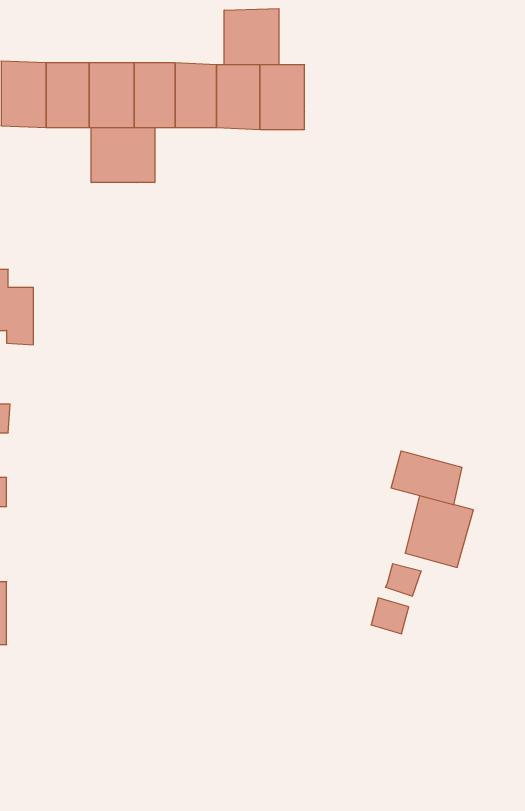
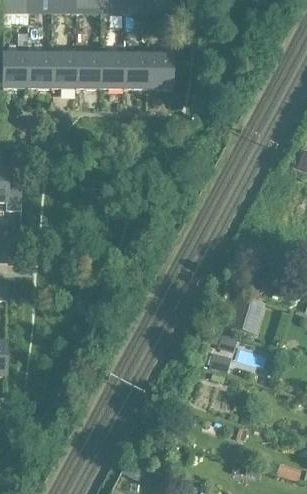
building: [224,9,279,65] -> none
building: [91,128,155,183] -> none
building: [391,451,462,505] -> none

